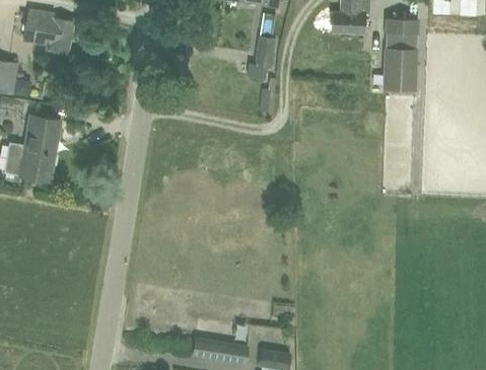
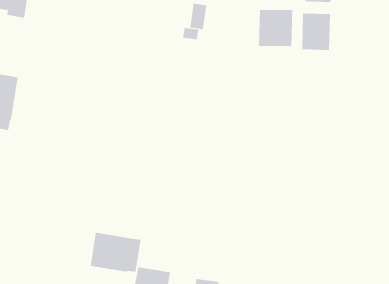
building: none -> [259,9,293,47]
building: none -> [90,232,141,273]

